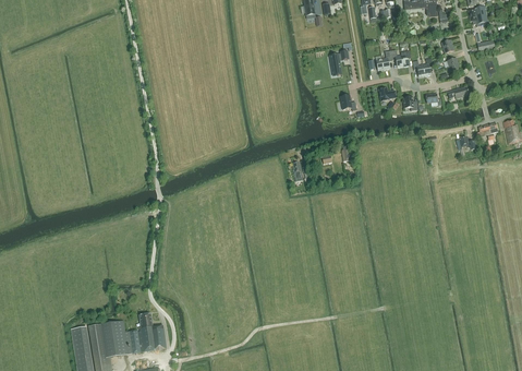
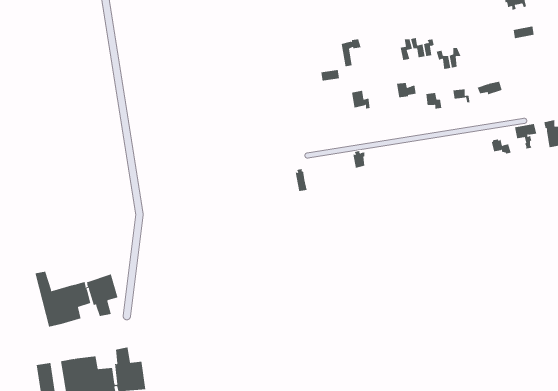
building: none -> [35,271,118,328]

